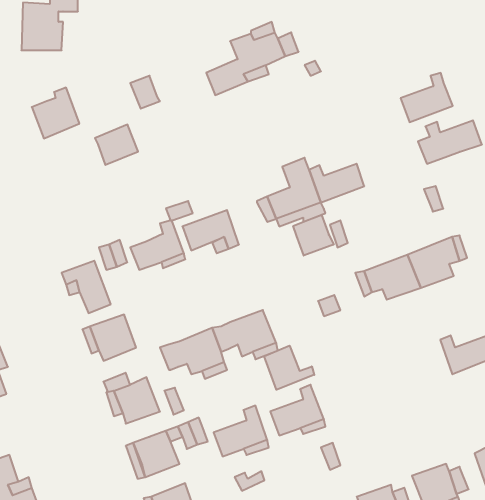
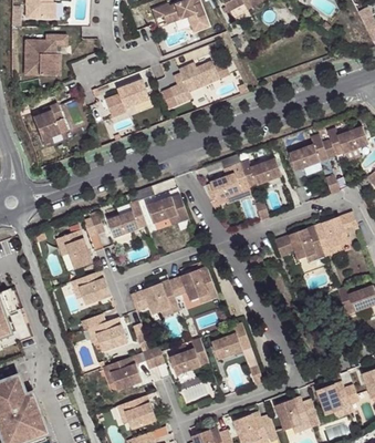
building: [401,73,453,122] -> [288,134,326,171]
building: [95,125,138,165] -> [118,79,150,109]
building: [293,215,334,256] -> none
building: [264,346,314,390] -> none

